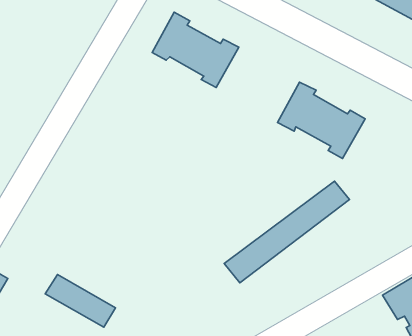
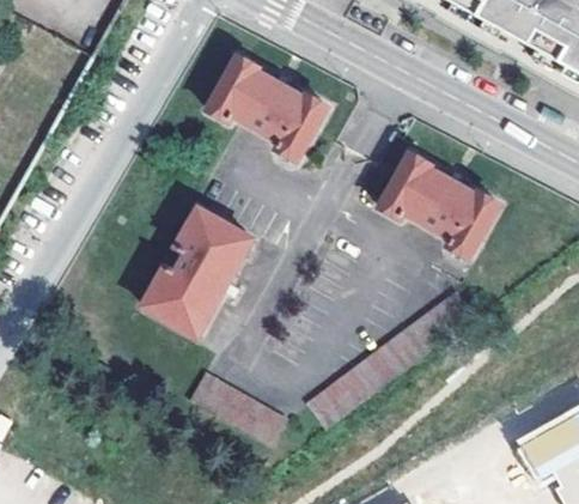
building: none -> [142,207,252,335]
building: [45,275,115,327] -> [190,372,286,444]

